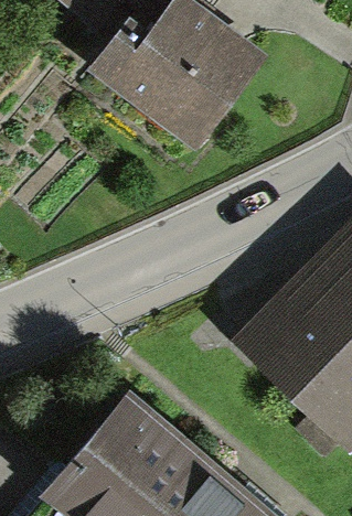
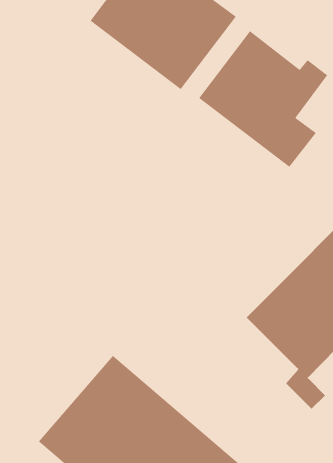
building: none -> [198,30,328,168]

